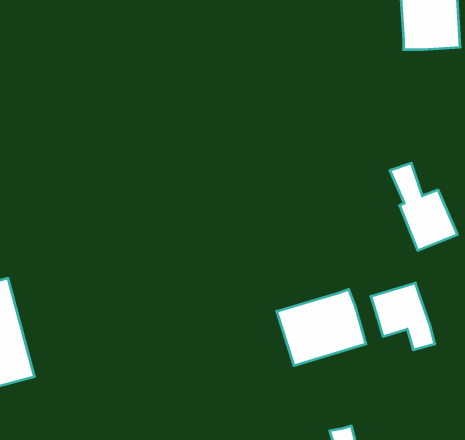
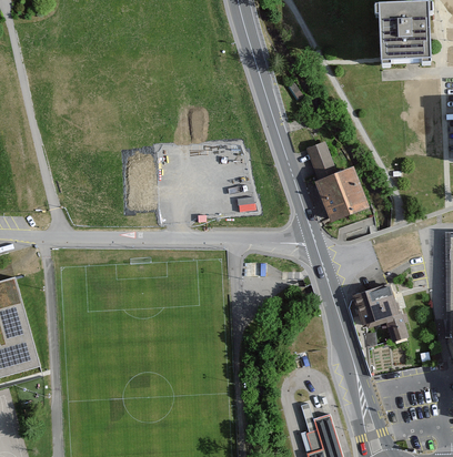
building: [390,163,457,250] -> [304,141,366,221]
building: [277,289,366,366] -> none

